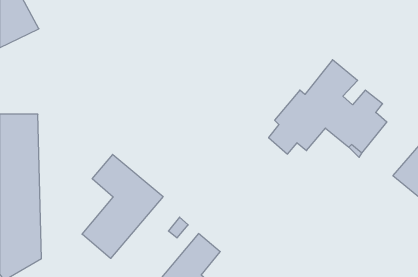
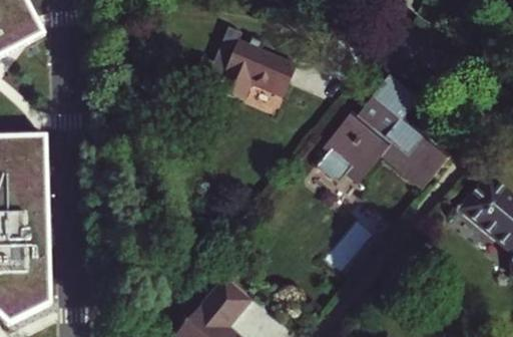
building: none -> [210,46,291,104]
building: [82,154,163,258] -> none

